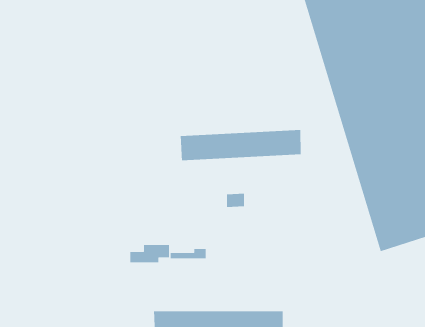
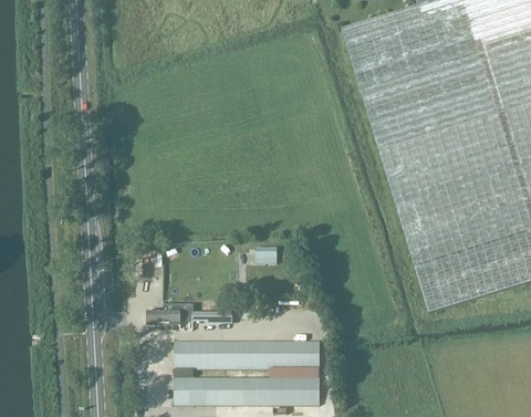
building: [180,129,301,161] -> none
building: none -> [175,342,321,368]

